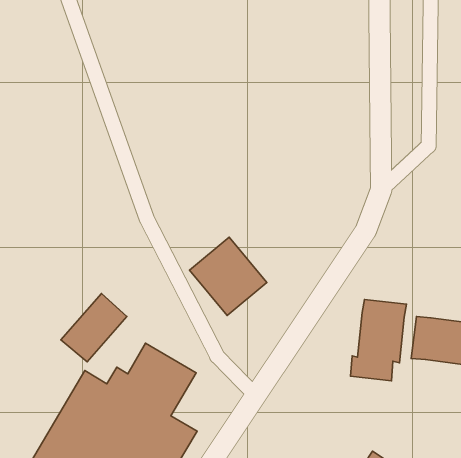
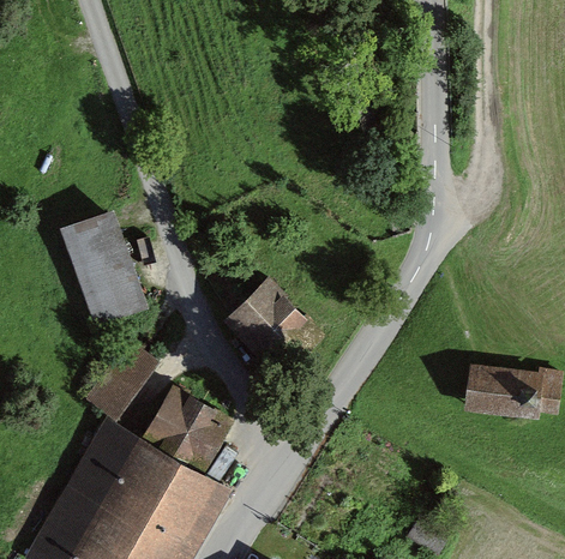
building: none -> [58,215,143,325]
building: [350,300,406,381] -> none

